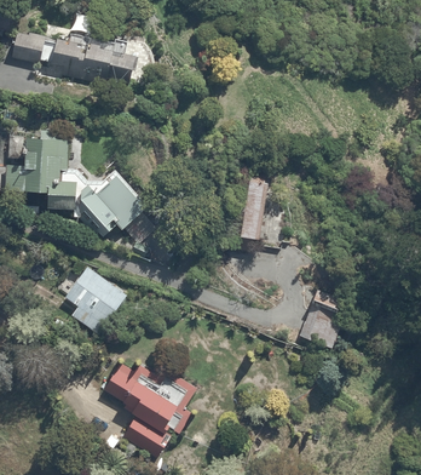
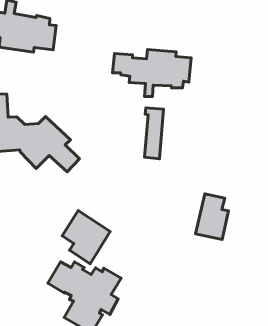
building: none -> [112,49,191,97]
building: [63,264,126,334] -> [62,211,110,264]

